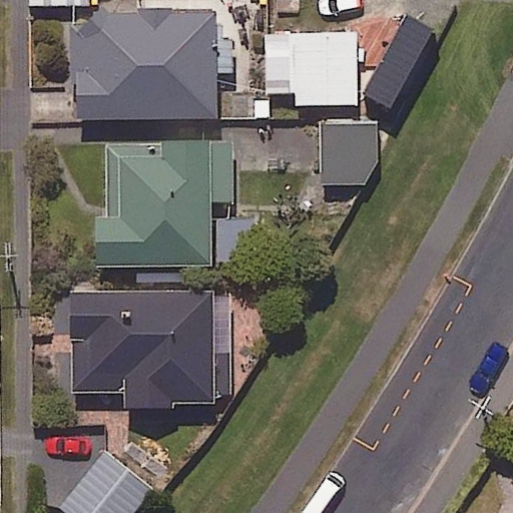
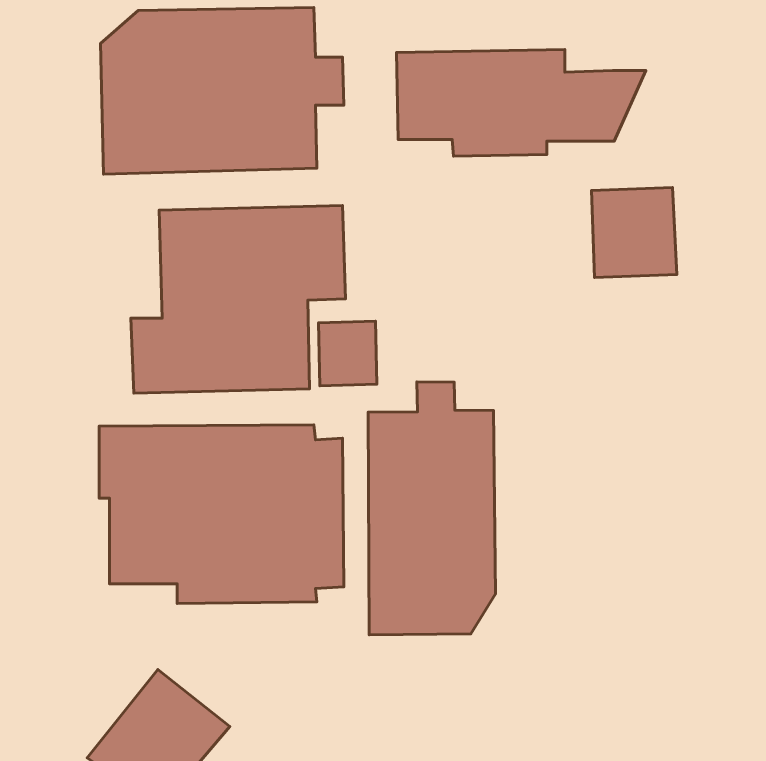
building: [320,125,377,185] -> [591,188,677,278]
building: none -> [368,382,496,635]

